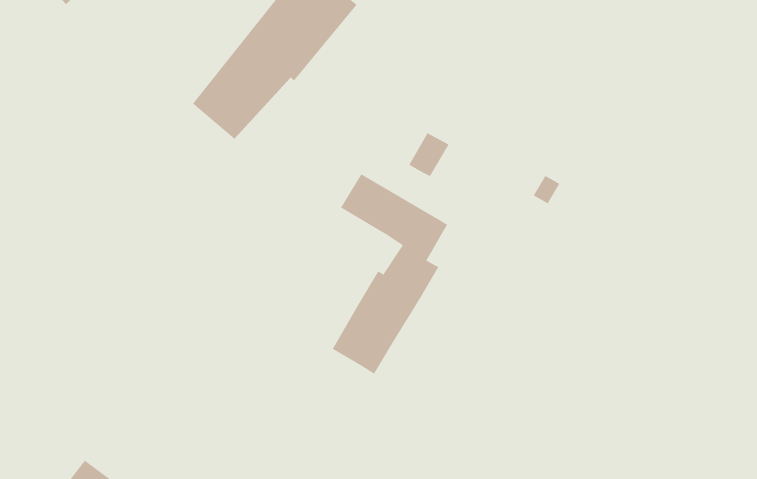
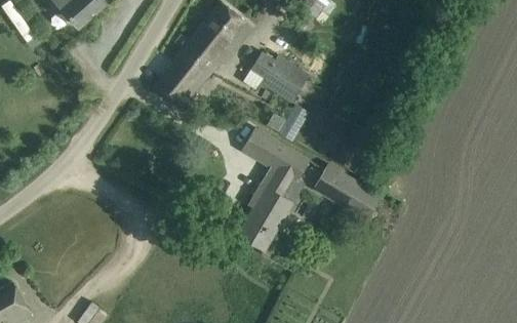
building: none -> [250,51,309,103]
building: none -> [324,169,369,213]

